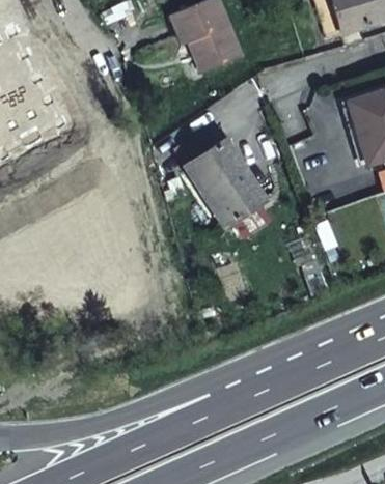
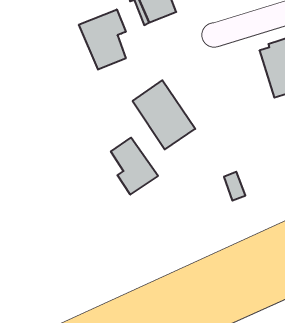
building: none -> [79,9,126,70]
building: none -> [111,138,158,195]

